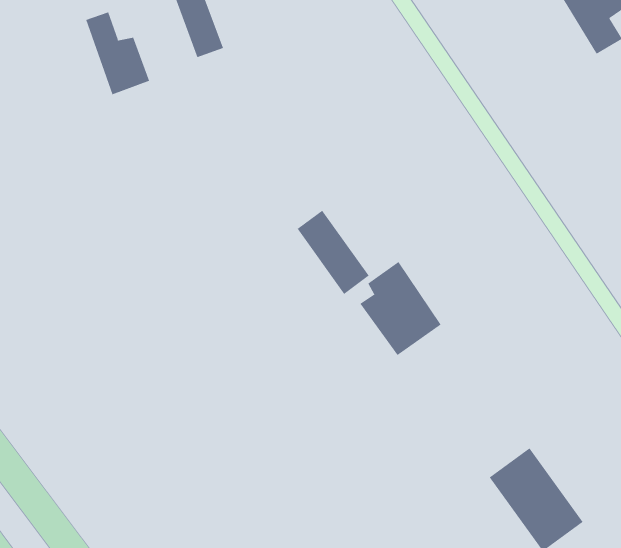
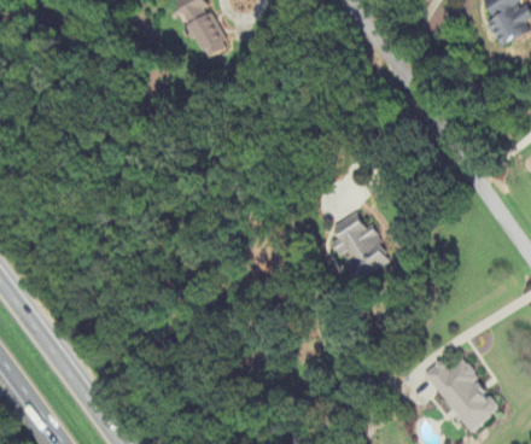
building: [85,12,150,95] -> none
building: [297,210,370,295] -> none

